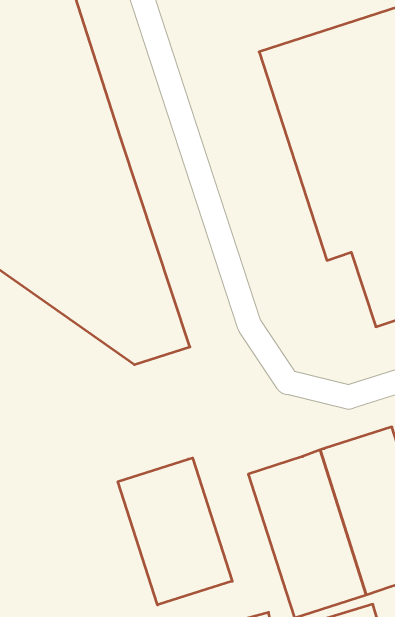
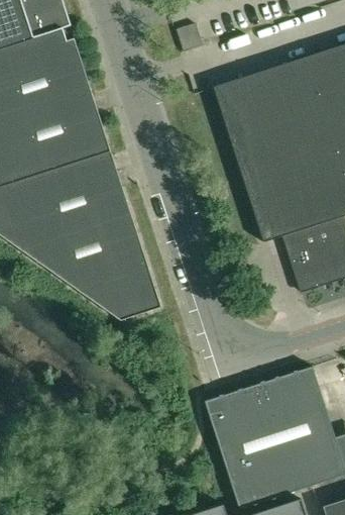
building: [118,458,232,605] -> none

